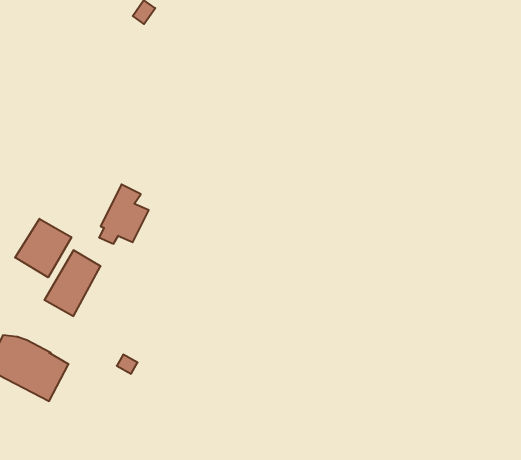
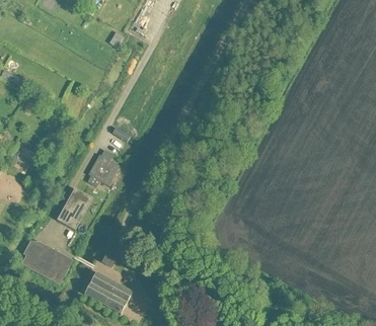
building: [15,219,71,277] -> none
building: none -> [84,271,132,313]

